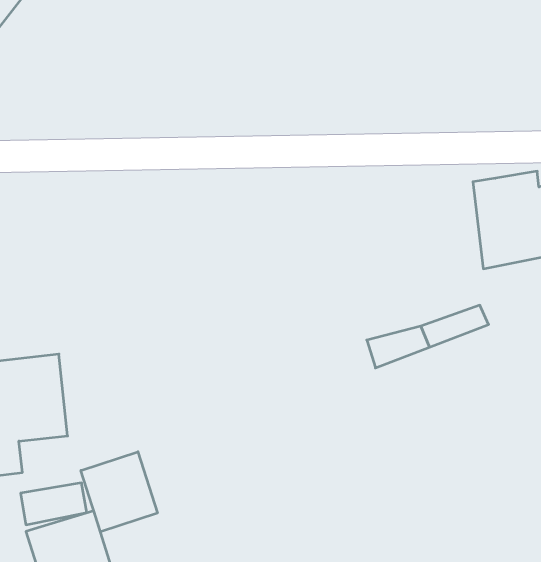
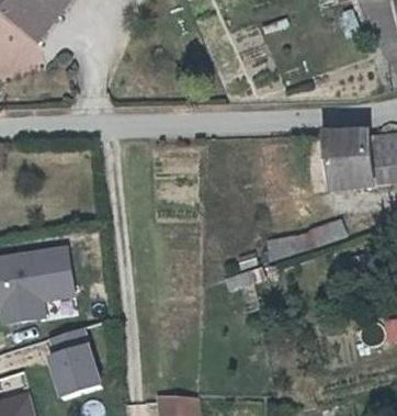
building: [81,452,157,532] -> none

